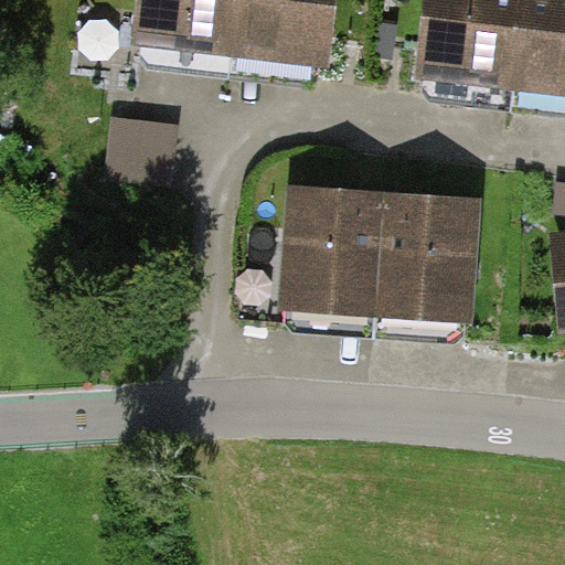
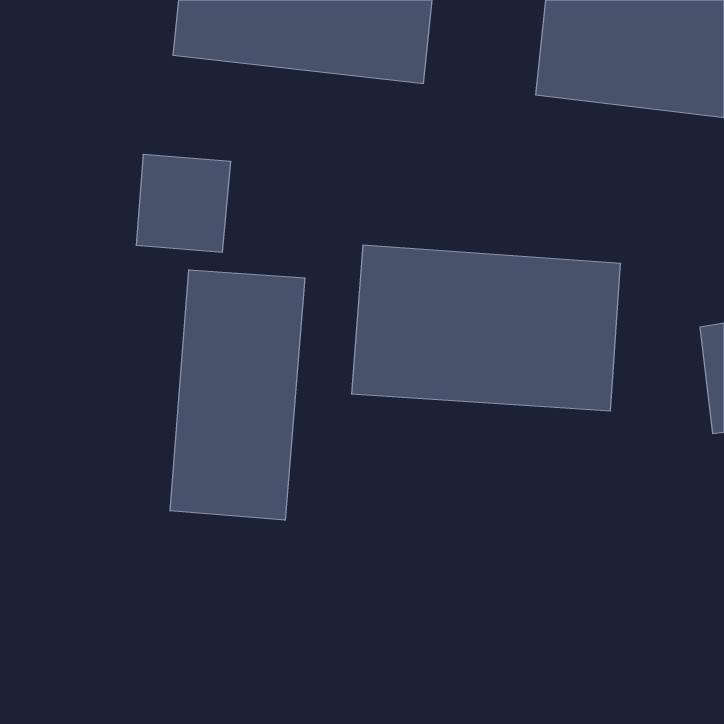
building: none -> [170,270,305,520]

